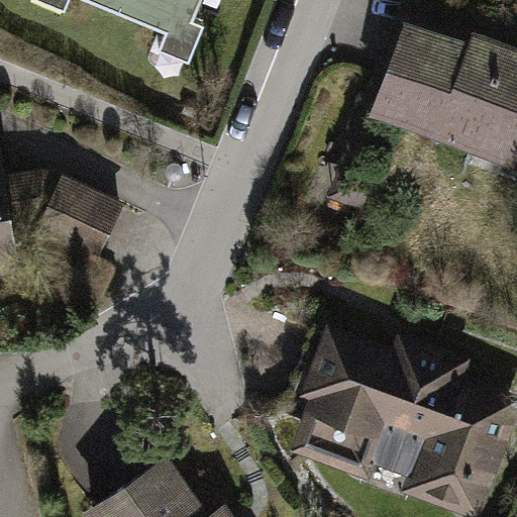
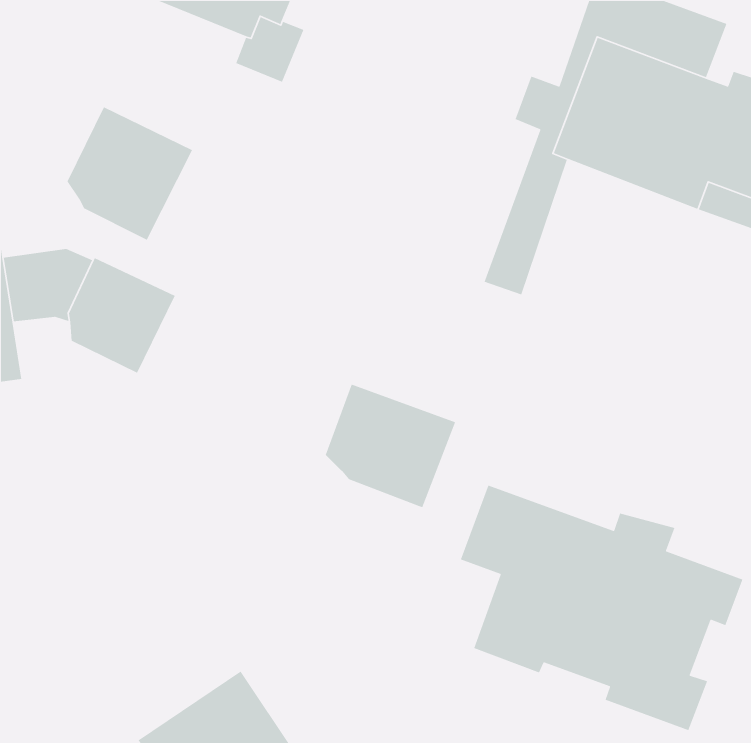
building: none -> [67,106,193,241]
building: none -> [325,383,456,508]

